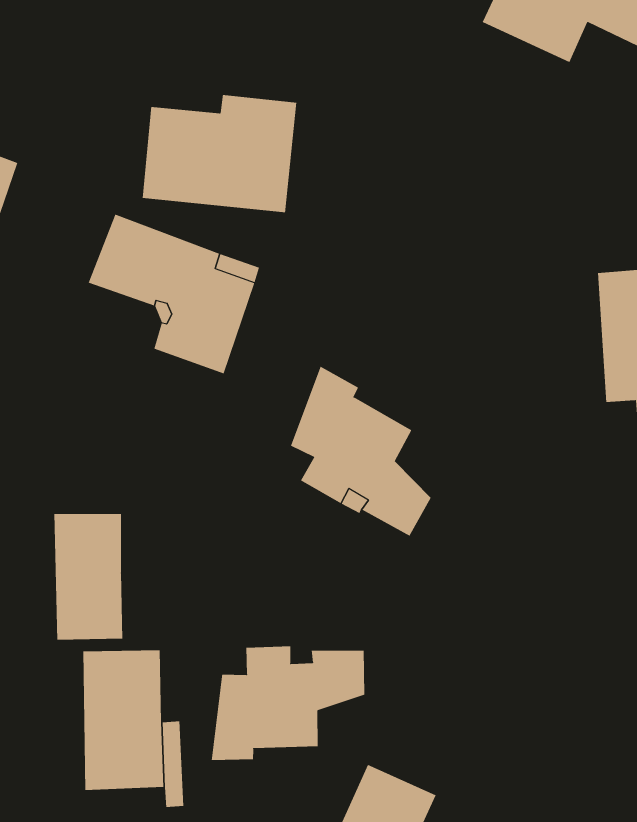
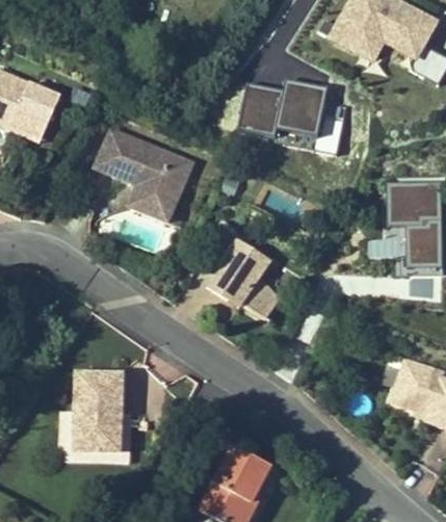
building: [142,94,297,213] -> [239,77,330,146]
building: [54,513,123,640] -> none
building: [211,646,365,761] -> none

